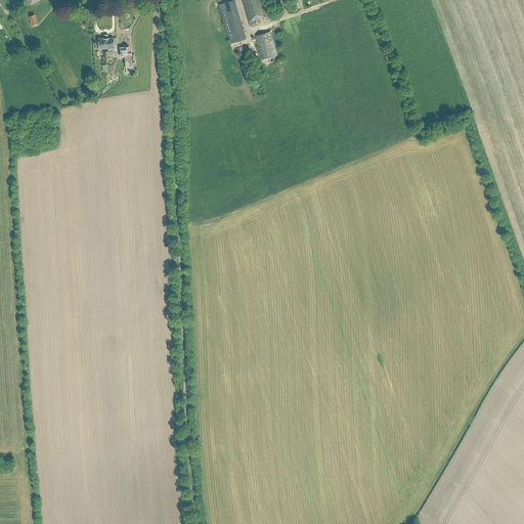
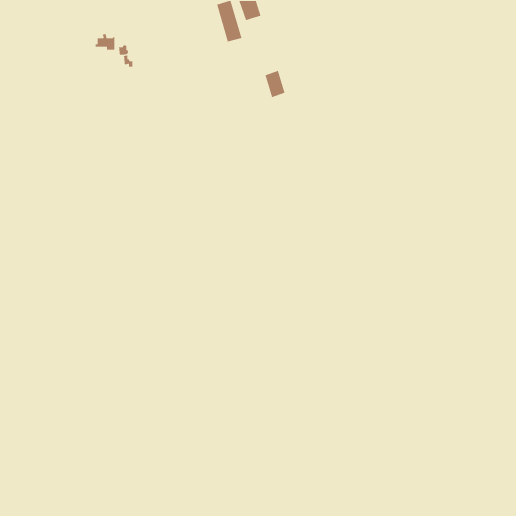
building: [255,31,276,59] -> [264,70,286,98]

